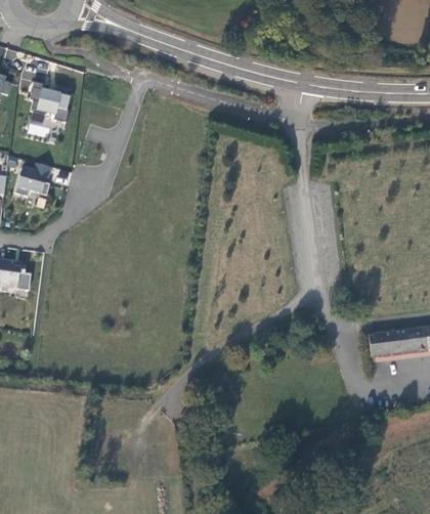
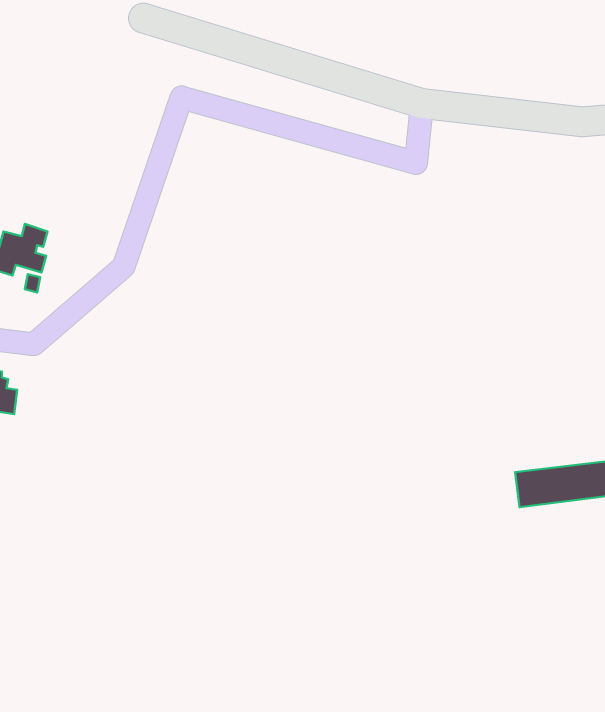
building: [31,86,74,127] -> none

